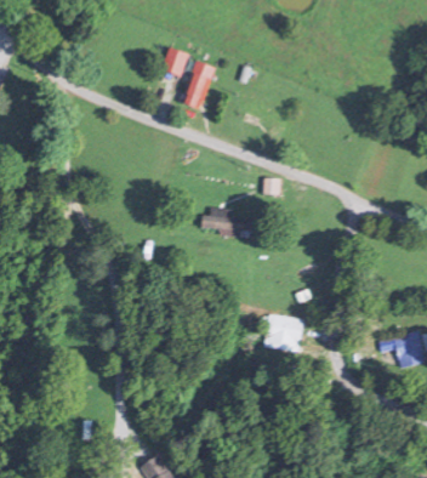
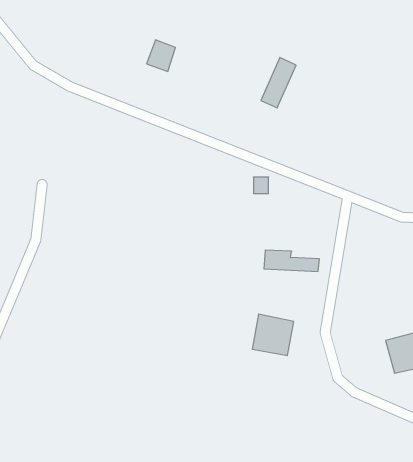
building: [181,61,215,109] -> [261,58,296,108]
building: [201,210,255,231] -> [264,250,319,271]

